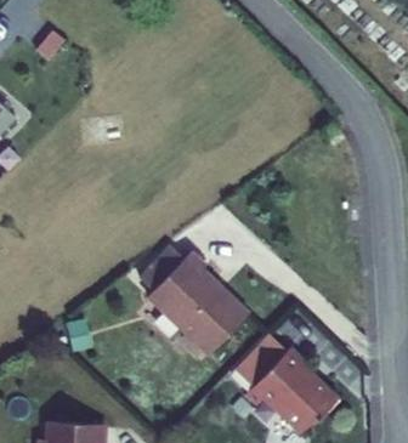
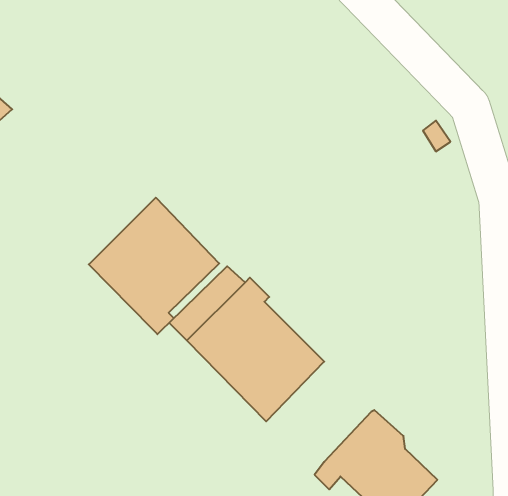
building: none -> [89,198,219,334]
building: [231,330,287,386] -> none

